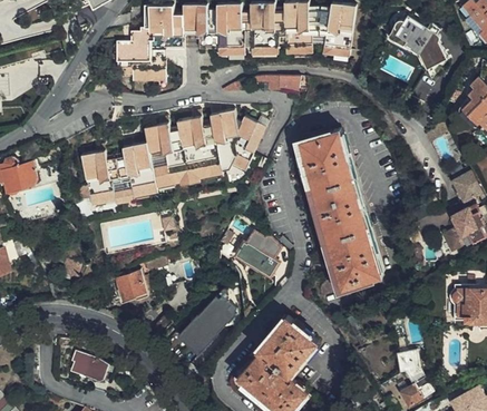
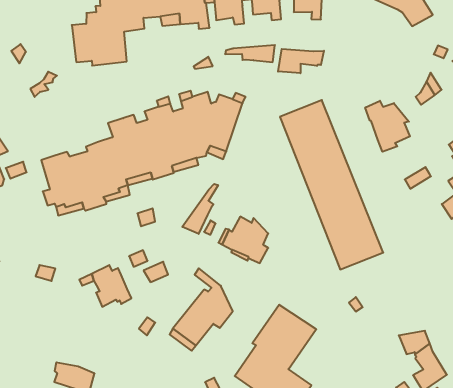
building: none -> [278,49,324,73]
building: none -> [365,101,410,152]
building: none -> [182,184,218,234]

